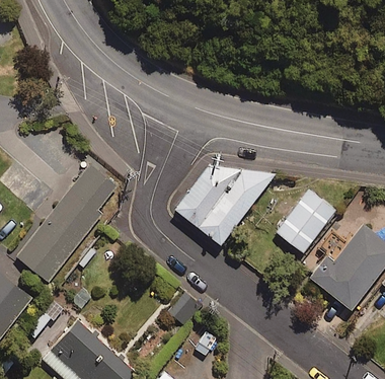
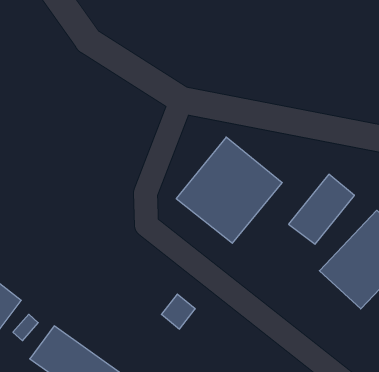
building: [14,166,115,285] -> none

